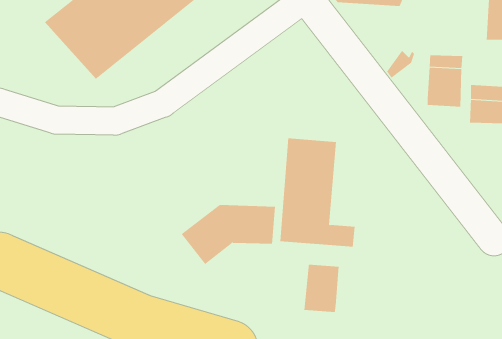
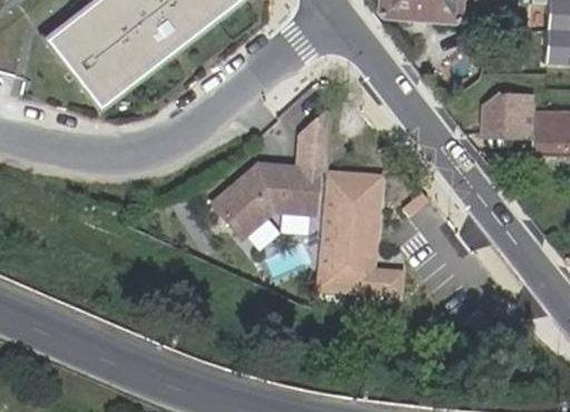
building: [181,205,276,265] -> [210,166,317,234]
building: [304,264,339,313] -> none

